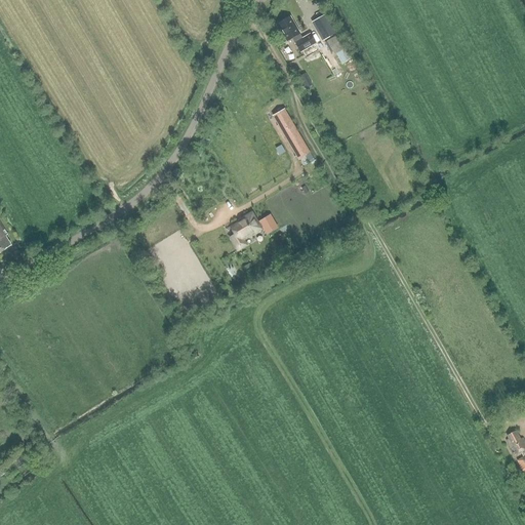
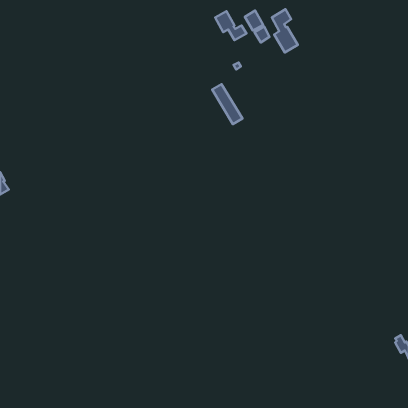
building: none -> [272,9,298,53]
building: [231,211,278,248] -> none

